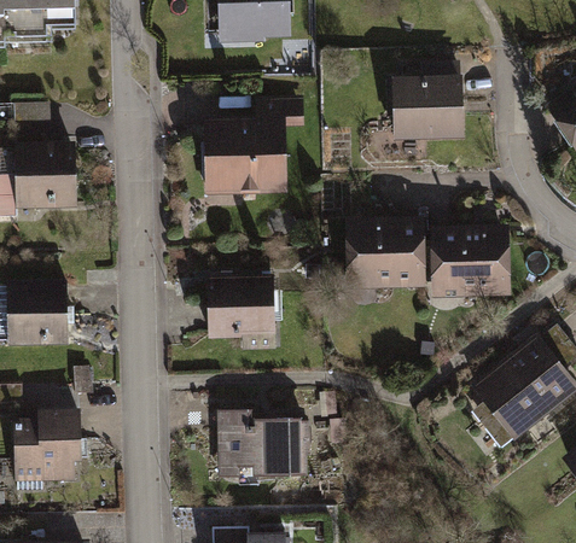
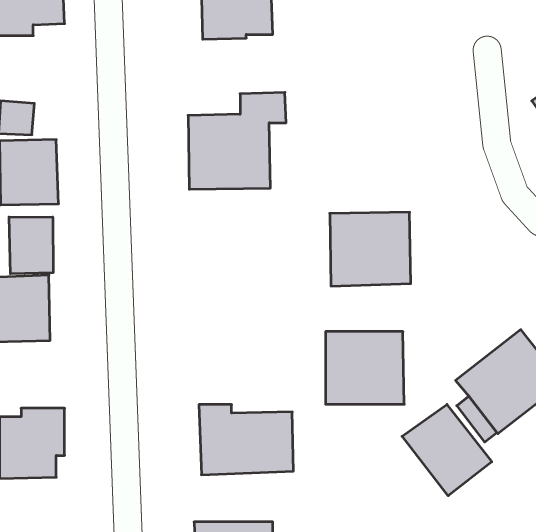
building: [395,77,464,141] -> none
building: none -> [9,217,53,274]
building: [431,226,510,298] -> [326,332,404,404]
building: [206,276,274,351] -> none
building: none -> [402,404,492,496]

